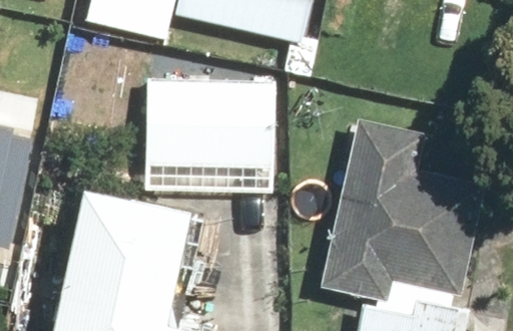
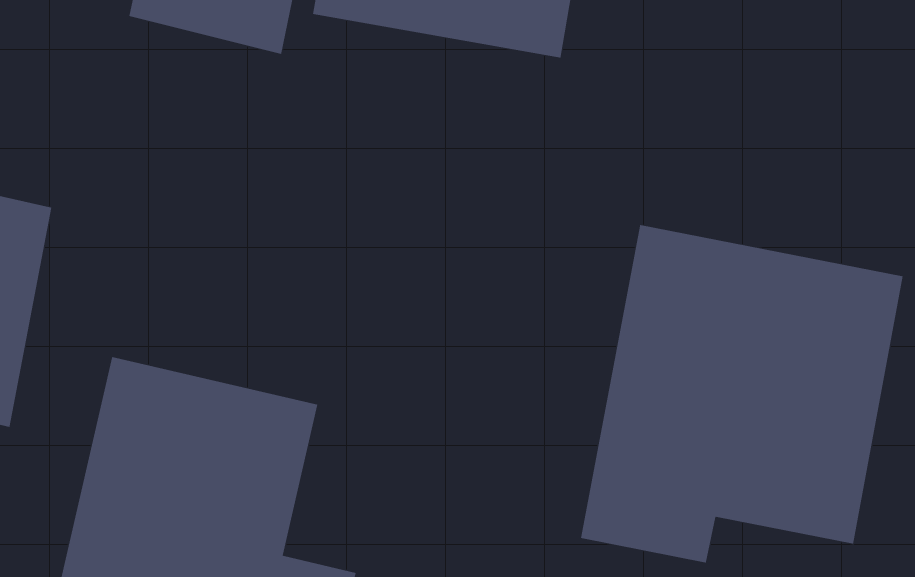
building: [149,80,285,169] -> none

